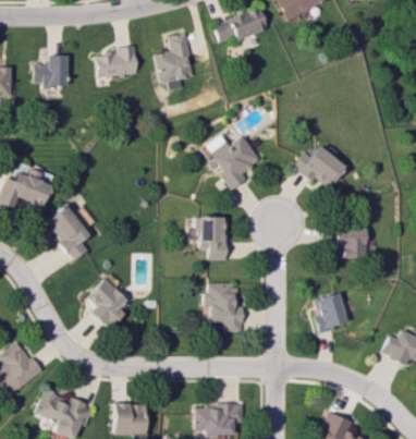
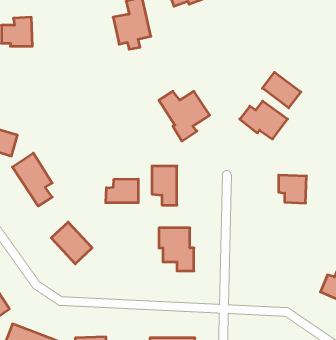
building: [94,45,137,78] -> none
building: none -> [262,72,301,108]
building: none -> [106,179,138,203]
building: [314,292,346,333] -> none

